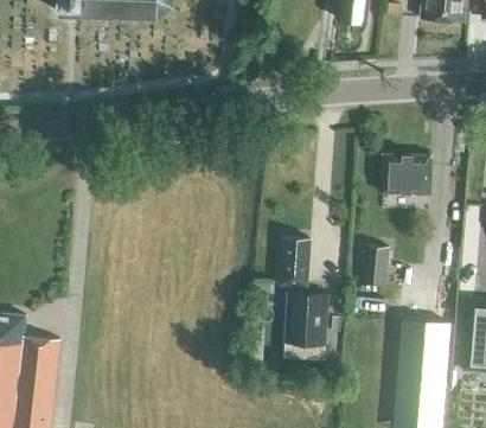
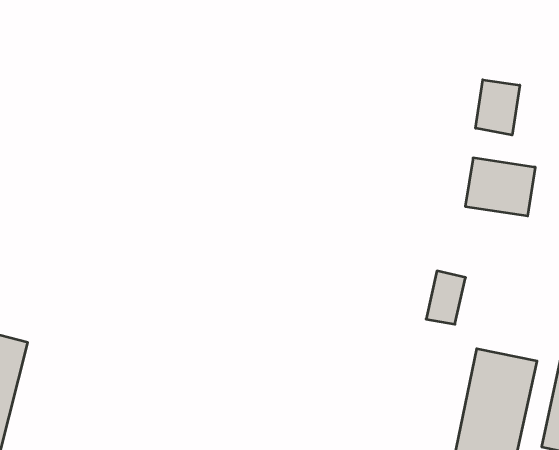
building: none -> [476,80,520,135]
building: [277,239,335,352] -> none

